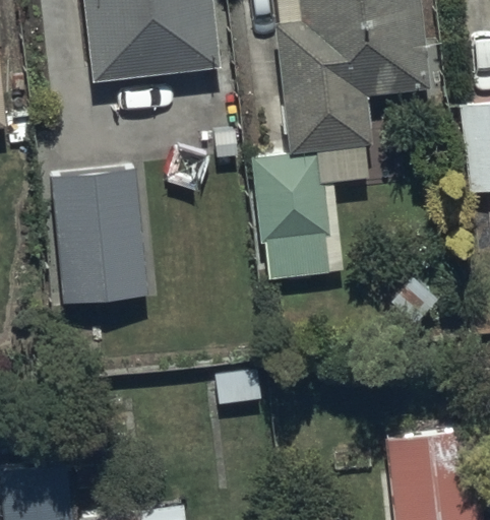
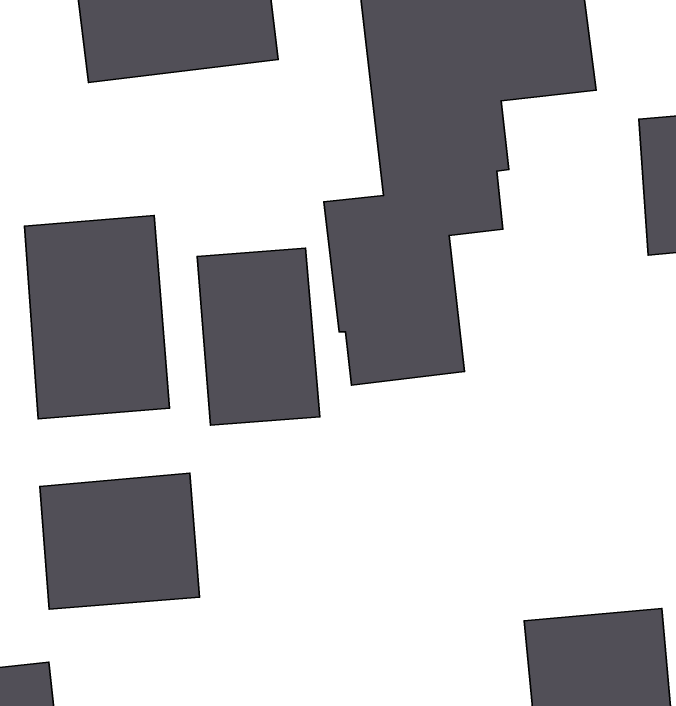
building: none -> [197,248,320,425]
building: none -> [40,473,200,609]

